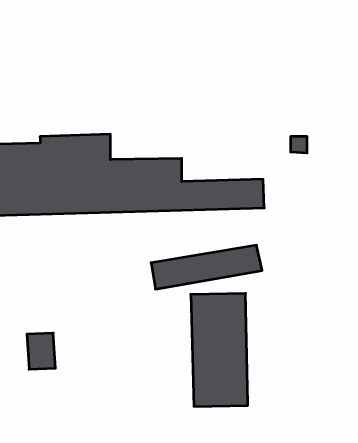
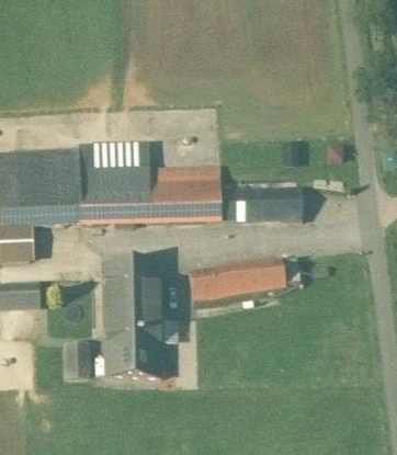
building: [191,293,248,406] -> [104,263,161,376]

